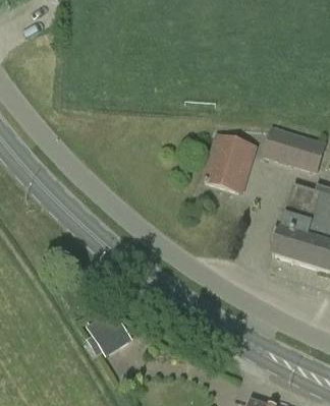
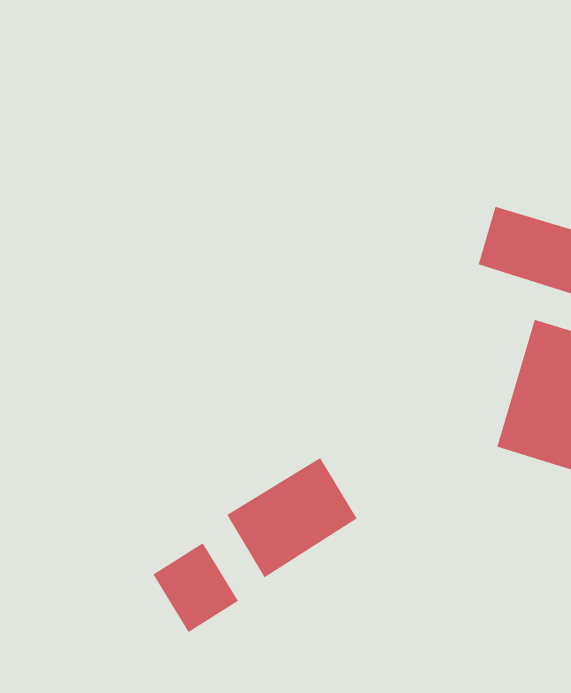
building: [201,131,257,193] -> none
building: none -> [226,457,357,578]

